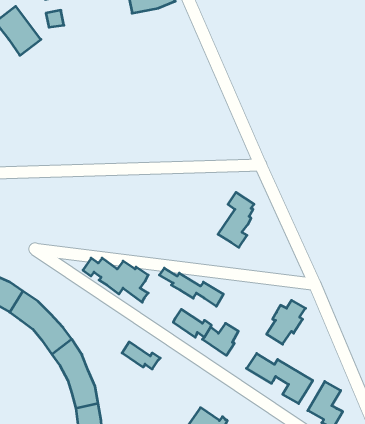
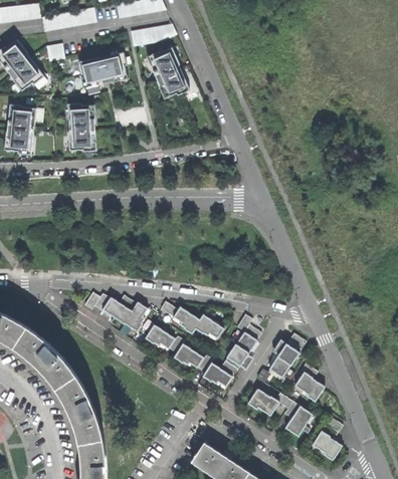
building: none -> [145,46,187,97]
building: none -> [76,51,125,87]
building: none -> [65,103,93,150]
building: none -> [5,105,37,151]
building: [218,192,254,247] -> [226,315,262,371]
building: none -> [292,364,327,402]
building: [122,342,160,369] -> [146,325,184,352]

